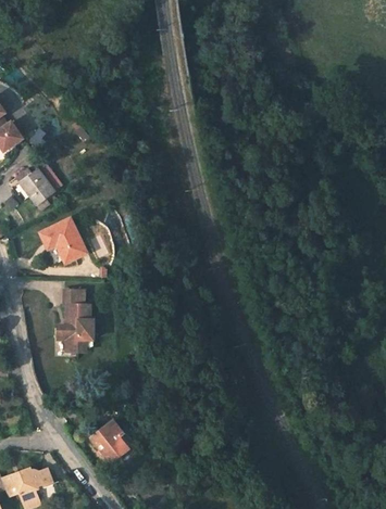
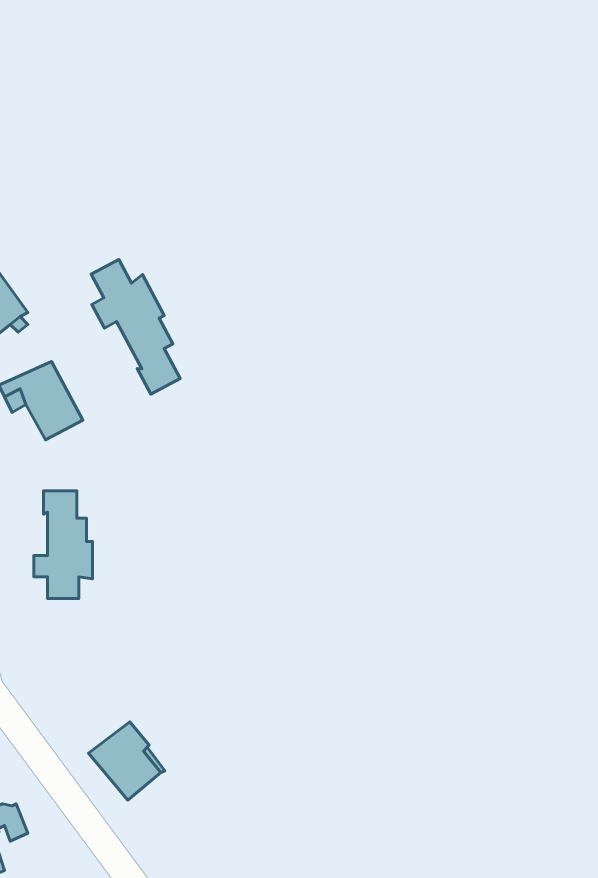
building: none -> [91,260,180,394]

